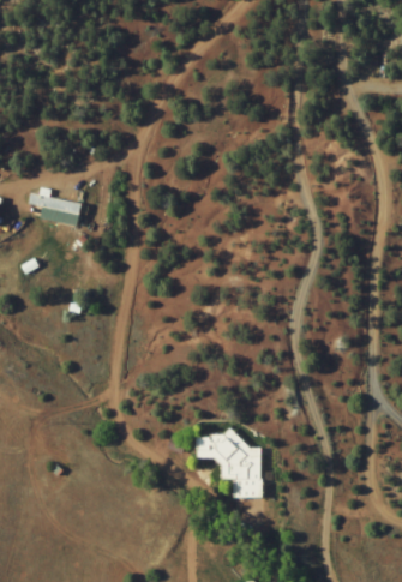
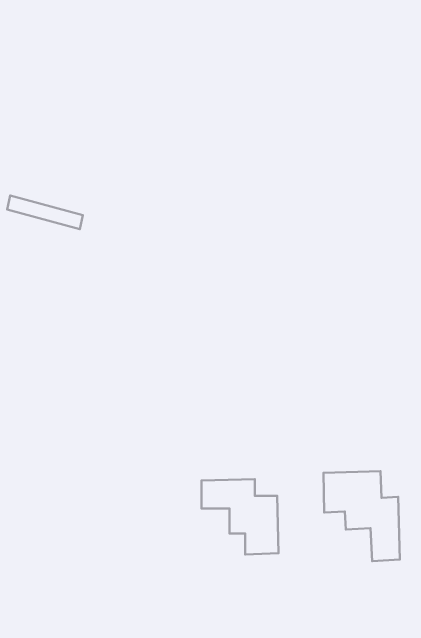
building: none -> [324,471,400,561]

